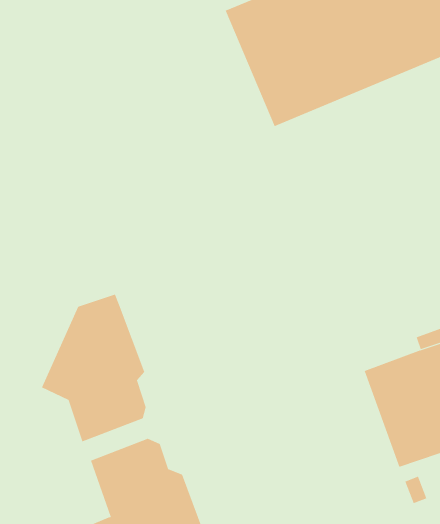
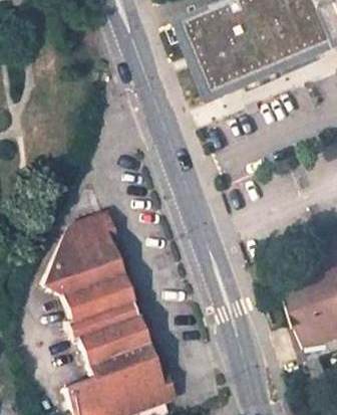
building: none -> [71,276,148,350]

